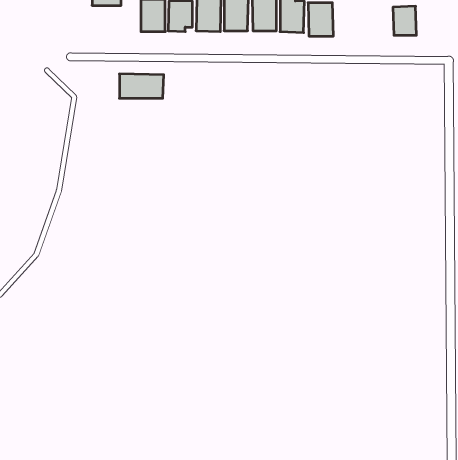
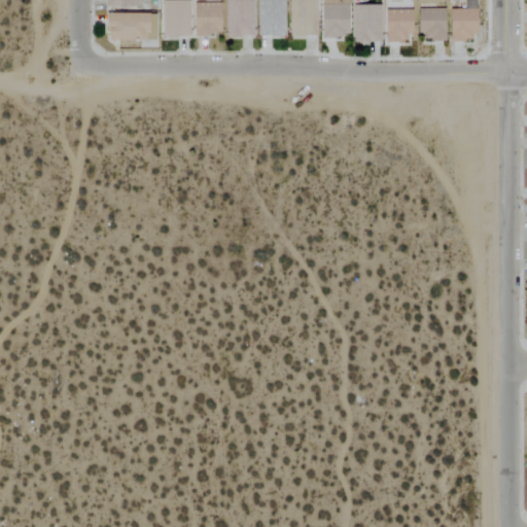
building: none -> [419,6,448,40]
building: none -> [387,7,414,41]
building: [119,74,164,98] -> [109,11,160,39]

